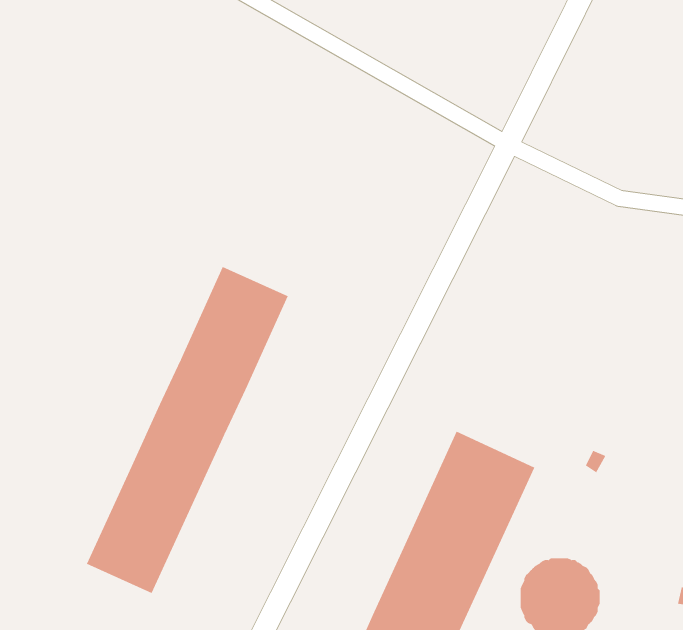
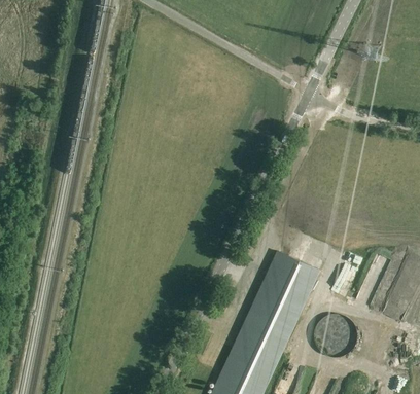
building: [86,266,288,594] -> none

